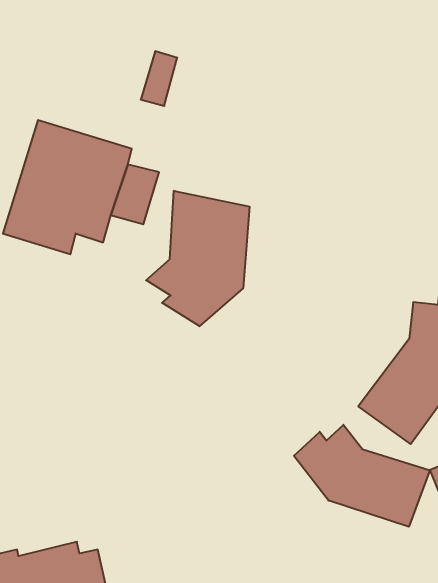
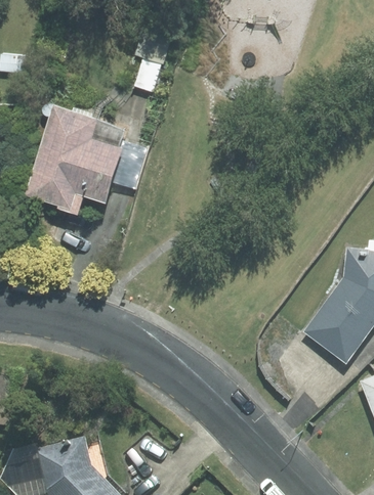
building: [146,191,250,326] -> none
building: [294,425,430,527] -> none

